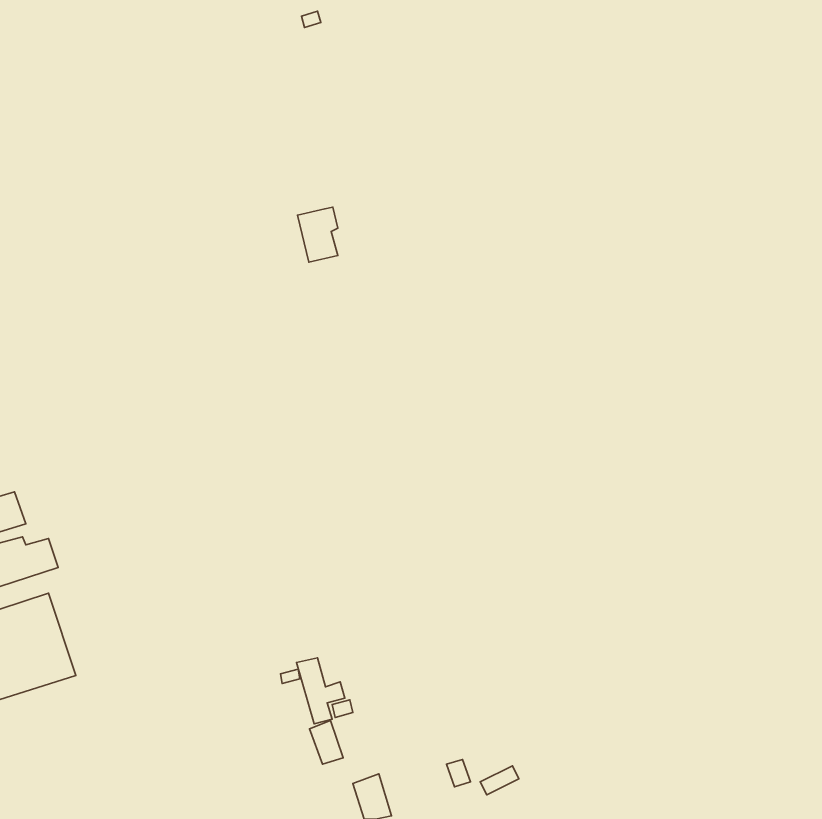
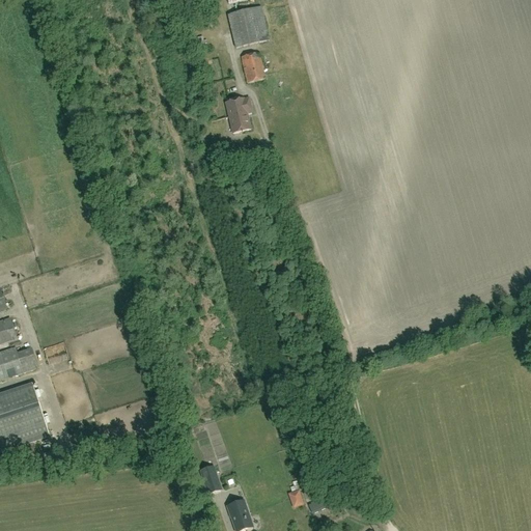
building: none -> [226,4,269,47]
building: none -> [241,51,264,81]
building: [297,207,338,262] -> [225,96,251,132]

